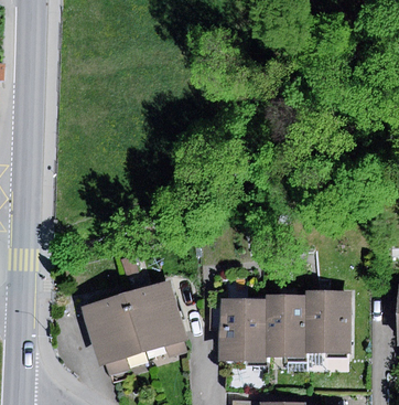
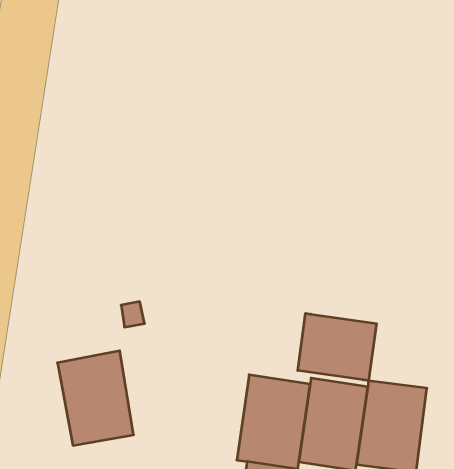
building: none -> [298,313,376,381]
building: [123,278,186,351] -> none

